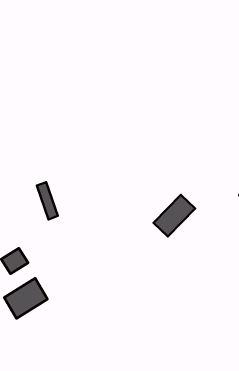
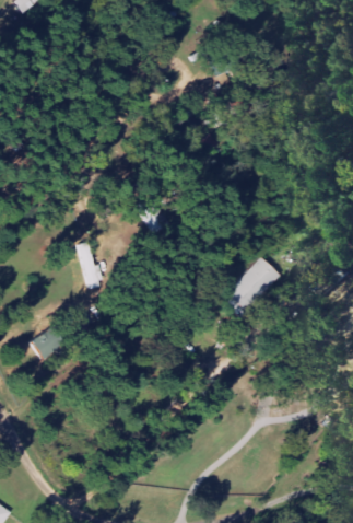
building: [4,278,48,318] -> none

